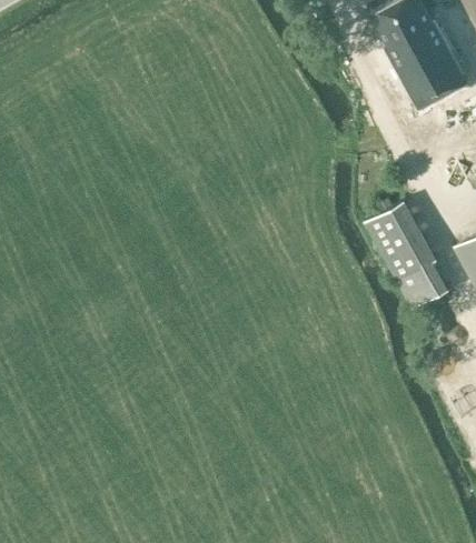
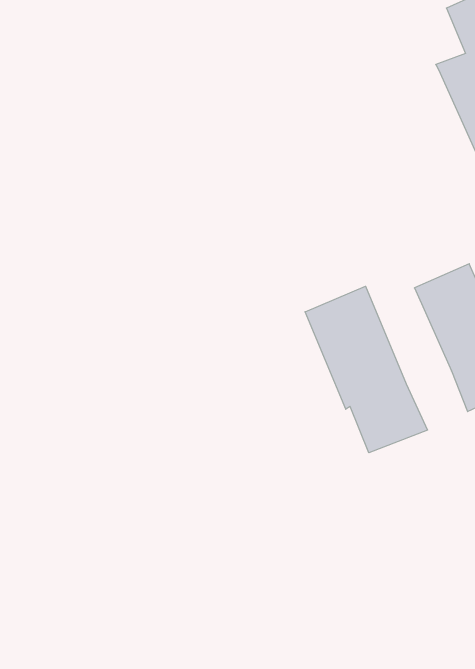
building: none -> [305,286,427,453]

